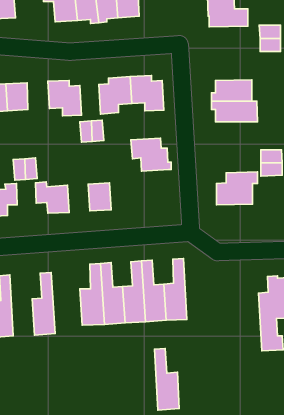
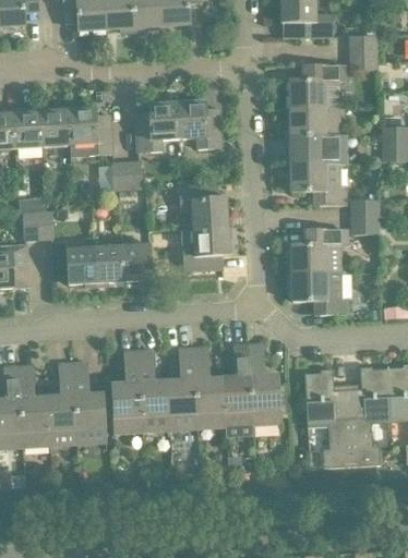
building: none -> [289,65,345,108]
building: none -> [40,109,70,146]
building: none -> [290,162,346,205]
building: none -> [181,226,229,270]
building: none -> [94,245,123,282]
building: none -> [291,271,347,314]
building: none -> [72,362,106,442]
building: none -> [17,365,50,446]
building: none -> [304,368,351,468]
building: [154,348,179,410] -> [248,342,280,424]

